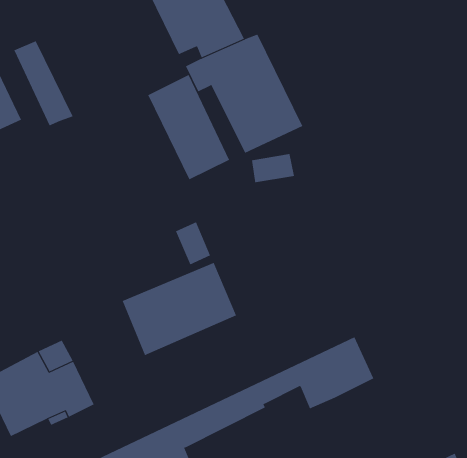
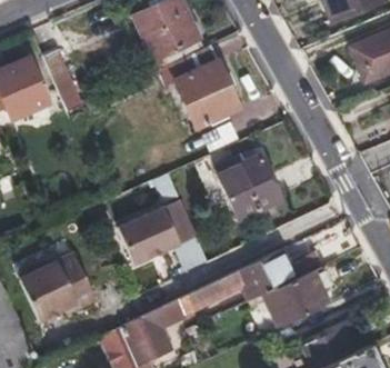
building: [147,74,230,180] -> none
building: none -> [219,151,286,216]
building: none -> [262,266,331,328]

